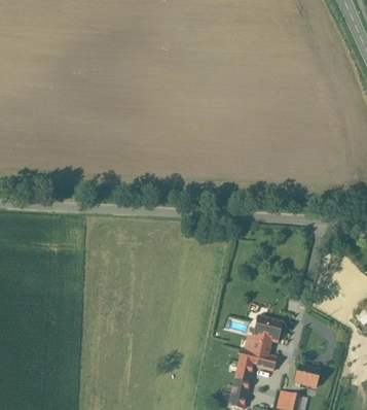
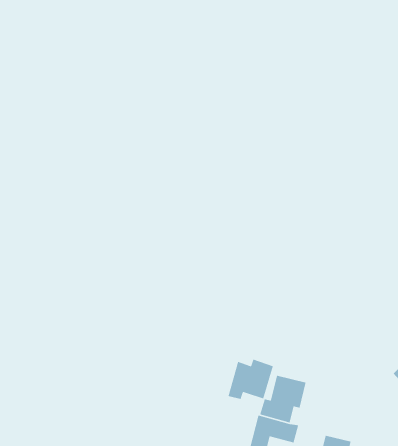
building: none -> [227,358,274,400]

